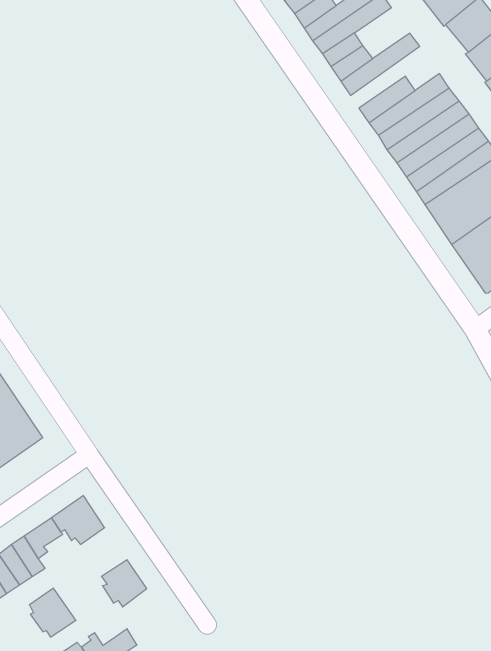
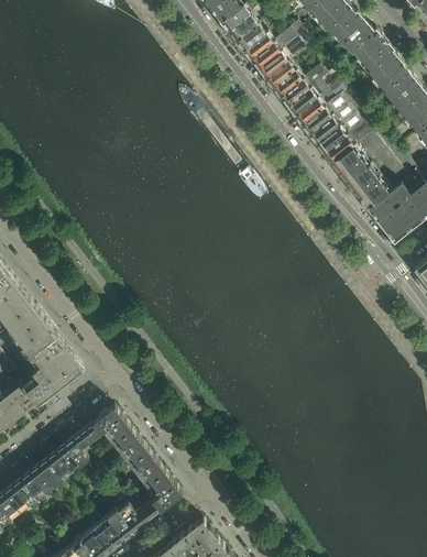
building: none -> [287,68,350,116]
building: [29,588,76,637] -> [114,428,149,463]
building: none -> [147,470,182,511]

